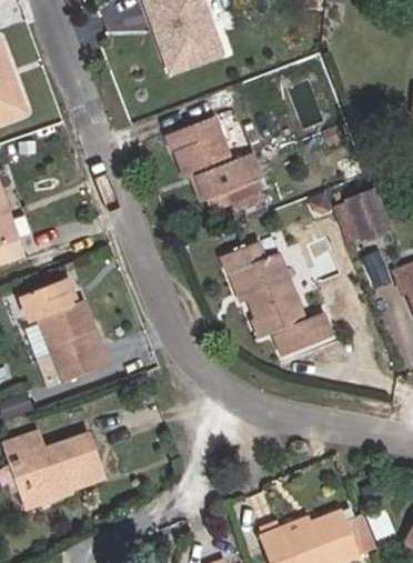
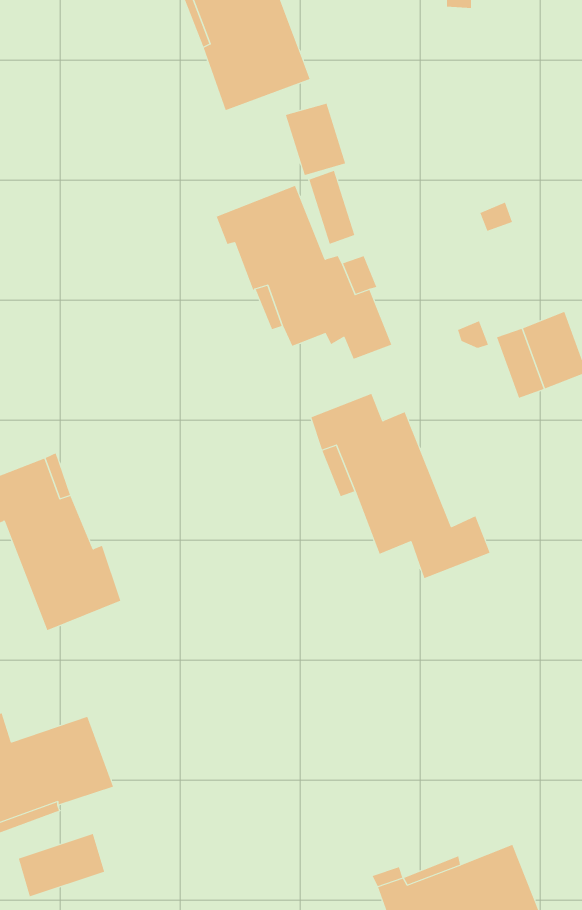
building: none -> [285,103,346,176]
building: none -> [18,833,105,897]

